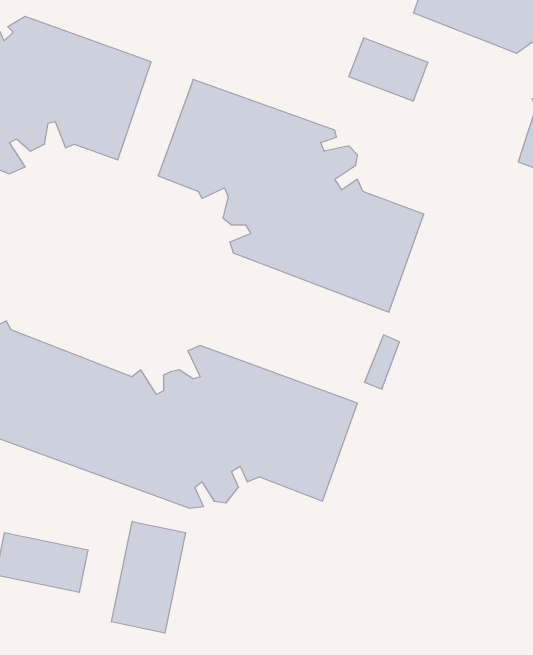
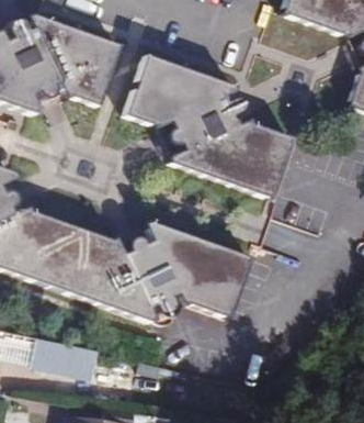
building: [349,38,428,101] -> none
building: [111,521,186,633] -> none

